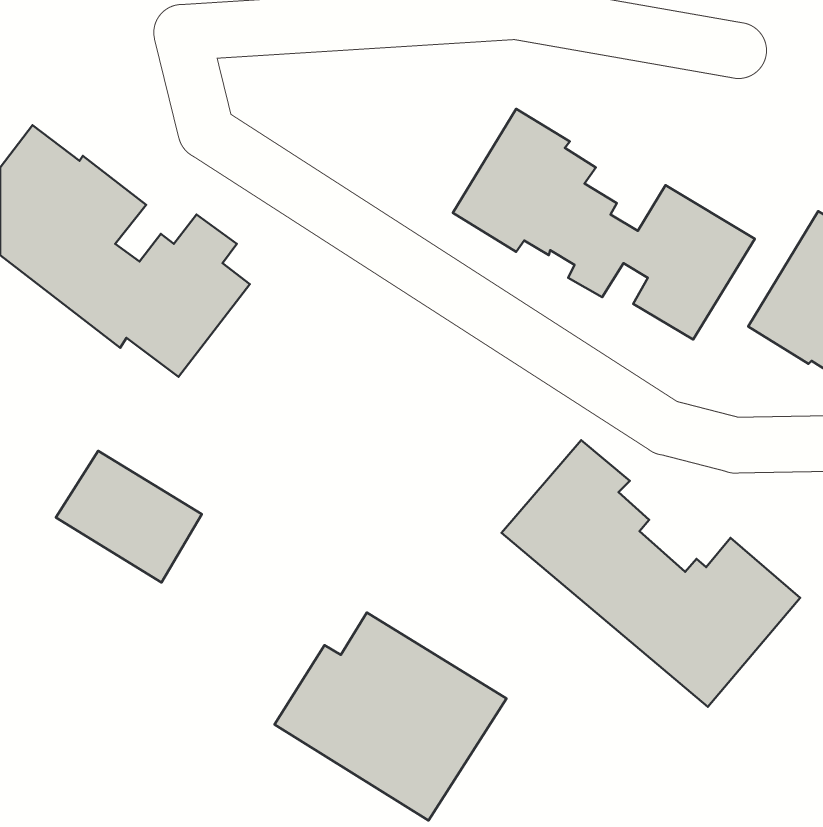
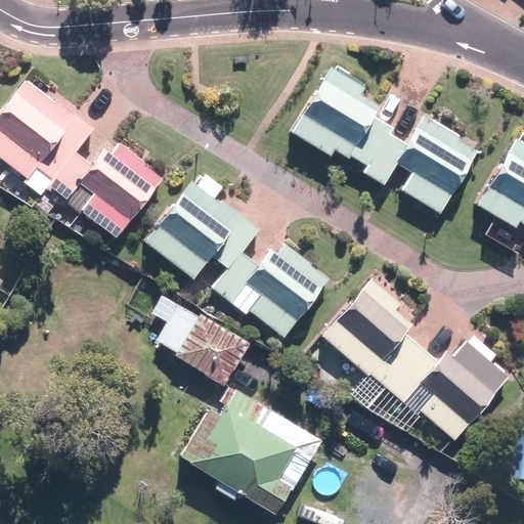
building: none -> [144,177,330,341]
building: [56,451,202,583] -> [158,304,250,387]

